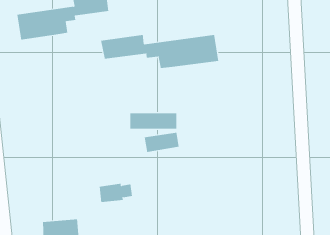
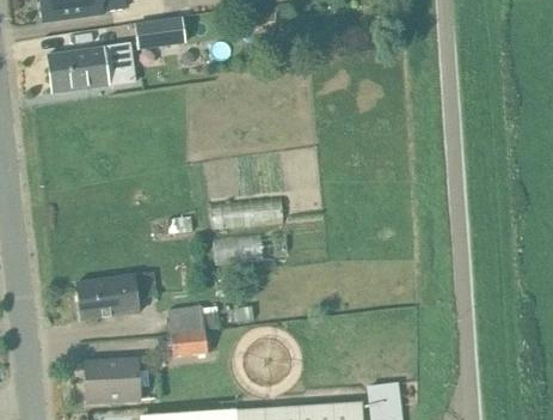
building: [101,34,219,69] -> none
building: none -> [76,275,139,321]
building: none -> [171,330,208,357]

